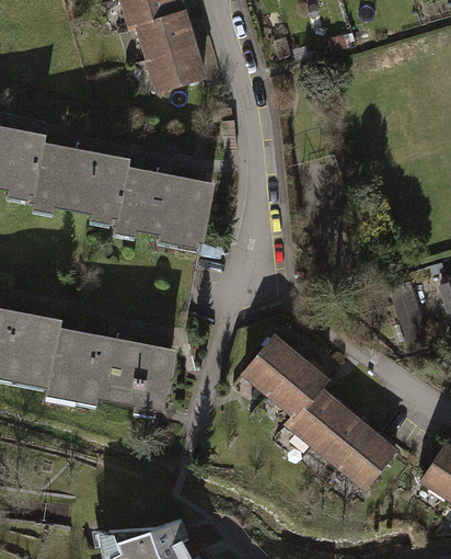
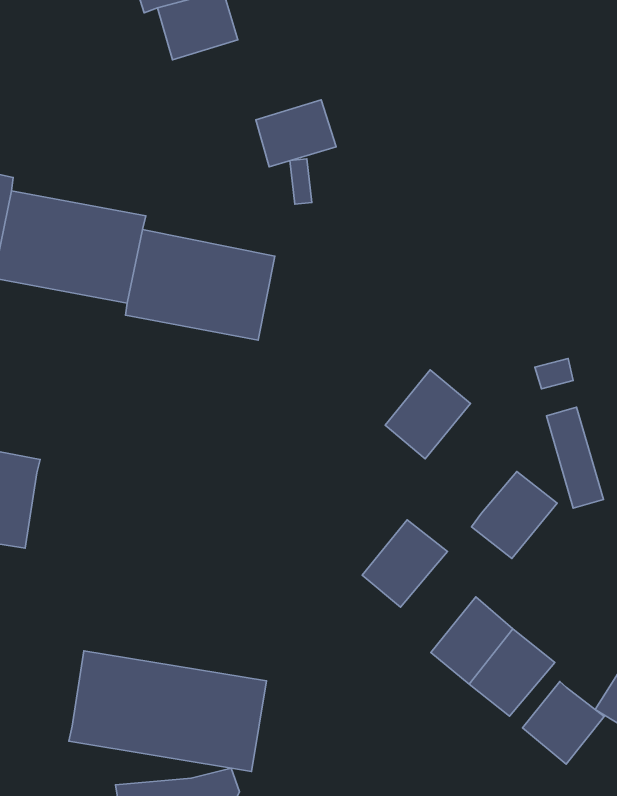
building: [146,45,198,89] -> [256,100,336,167]
building: [47,328,176,407] -> [69,651,267,772]
building: [243,336,299,395] -> [385,370,471,459]
building: [288,388,344,445] -> [472,471,557,559]
building: none -> [522,682,604,764]

